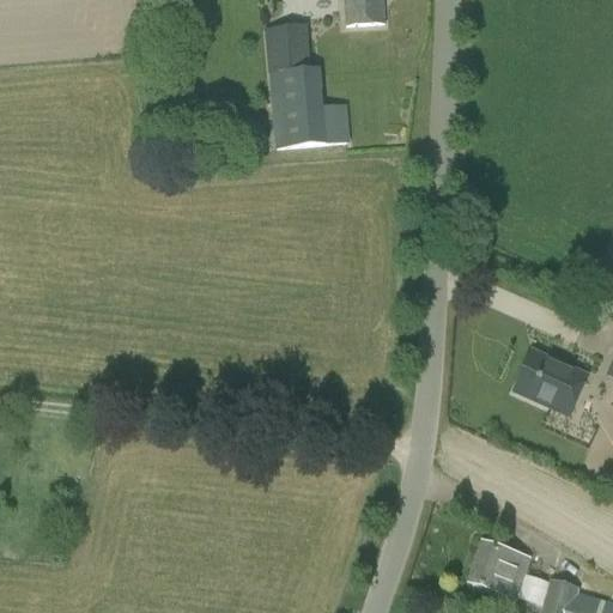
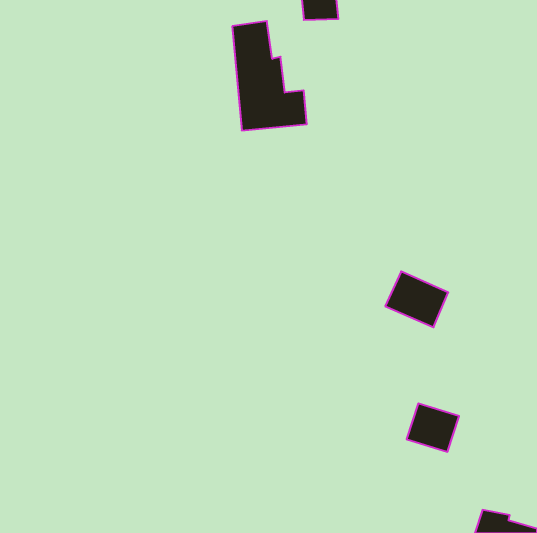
building: [515,350,587,413] -> [385,271,448,327]
building: [469,542,529,597] -> [407,403,459,452]

